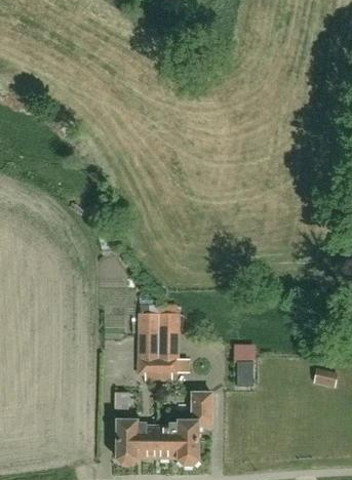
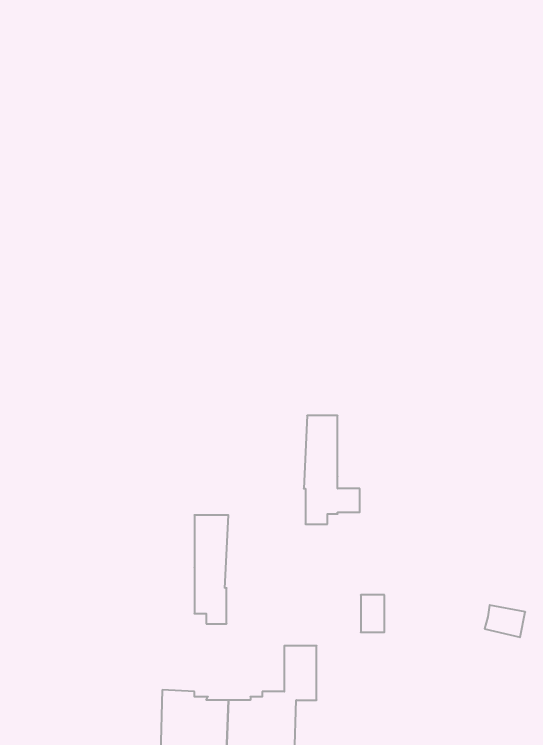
building: [156,313,190,378] -> [304,416,360,524]

